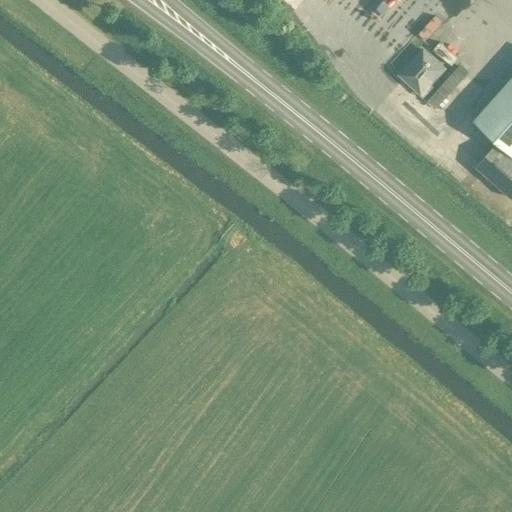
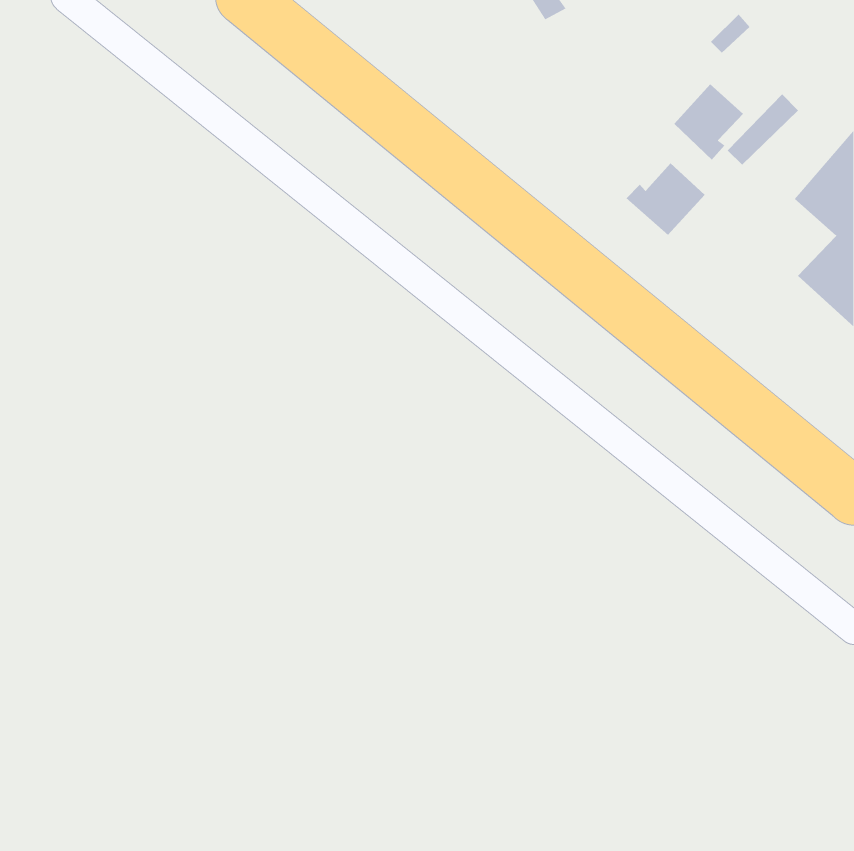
building: none -> [626,162,705,236]

